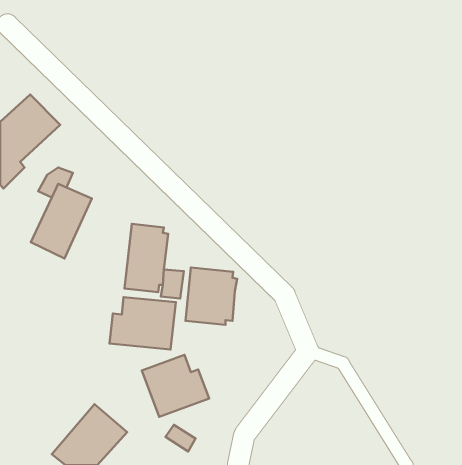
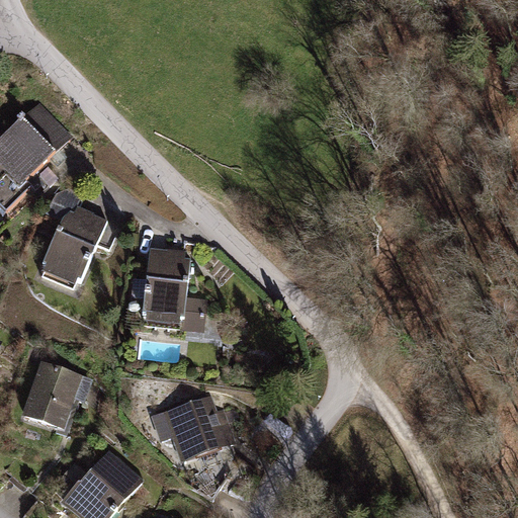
building: [185,267,237,325] -> none
building: [110,297,176,349] -> none
building: none -> [20,360,80,428]

